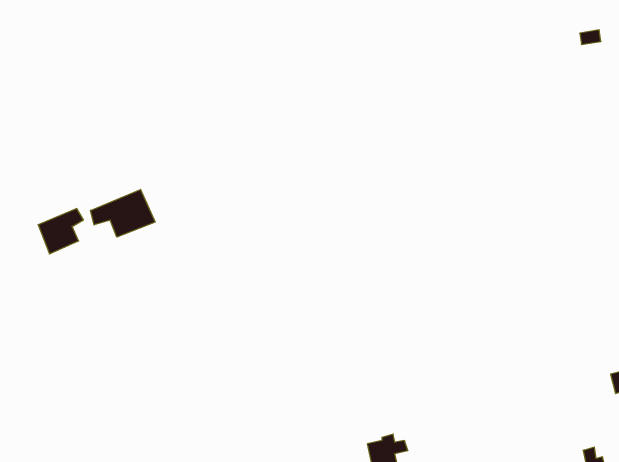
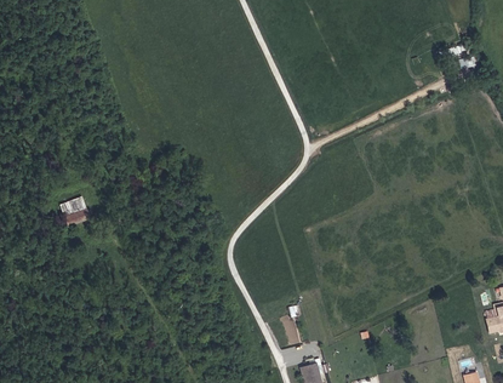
building: [90,189,155,237] -> none

